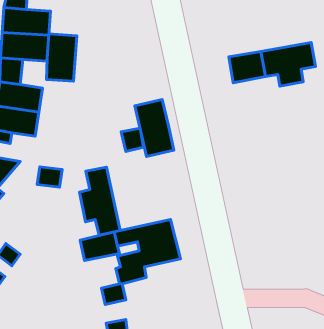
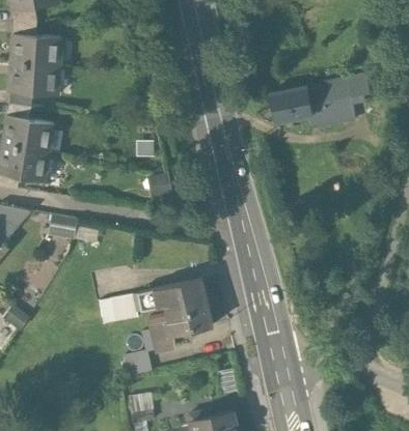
building: [47,34,77,81] -> none
building: [135,99,174,156] -> none
building: [79,167,120,235] -> none

